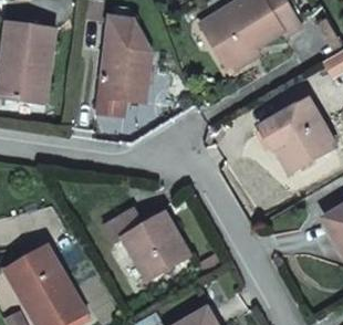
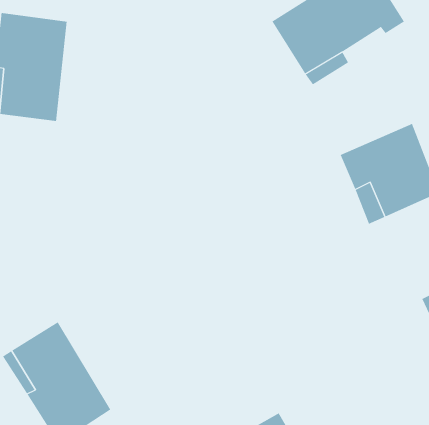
building: [97,17,150,115] -> none
building: [103,208,187,279] -> none

